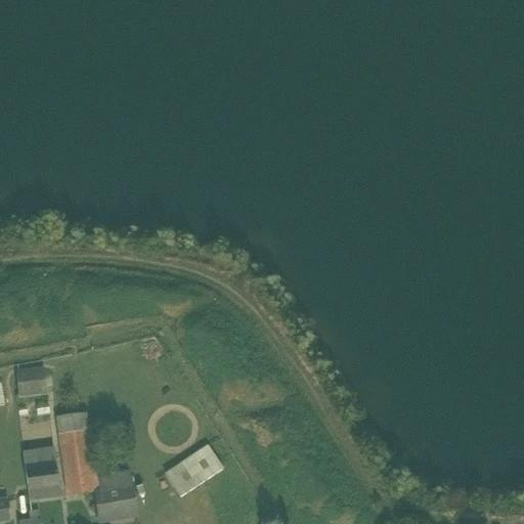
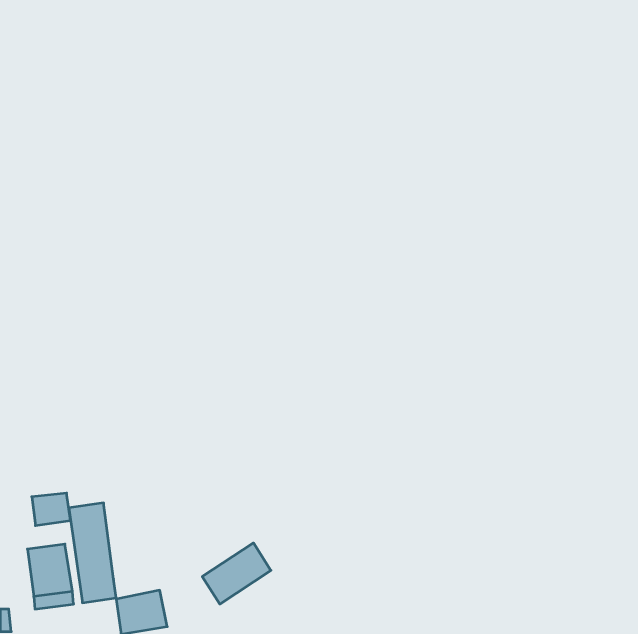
building: [15,368,47,395] -> [32,493,70,526]
building: [93,469,131,491] -> none

